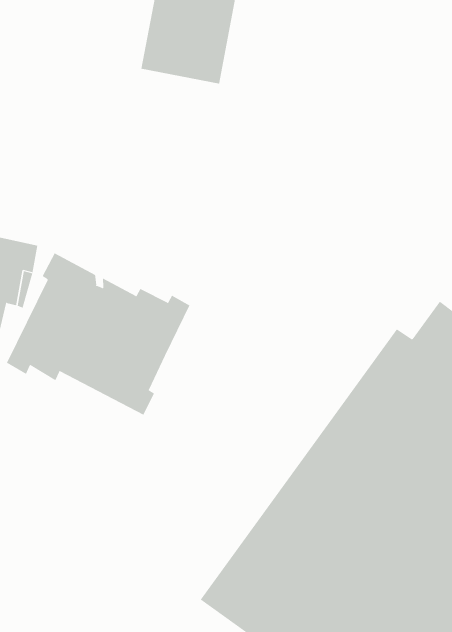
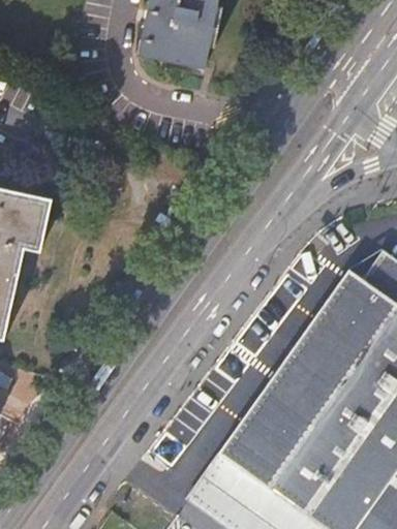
building: [6,252,190,416] -> none

